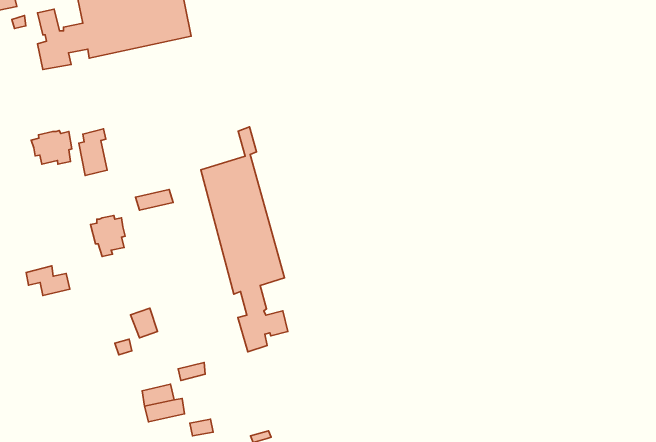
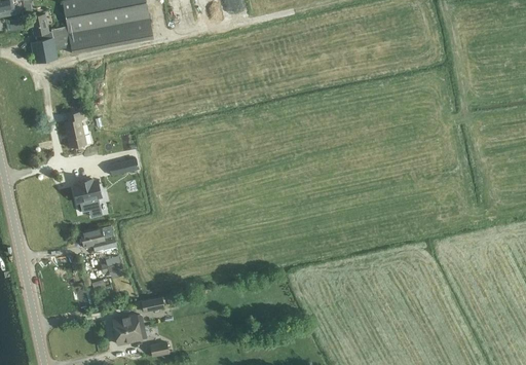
building: [201,127,288,352] -> none
building: [31,130,72,164] -> none
building: [26,266,70,296] -> [81,227,116,251]

